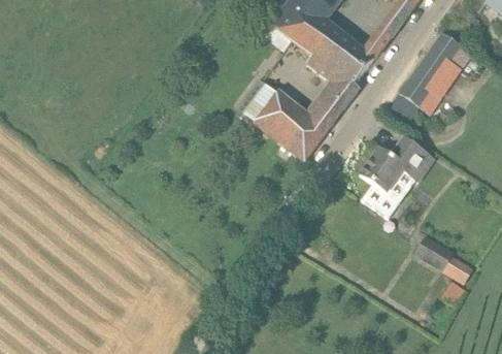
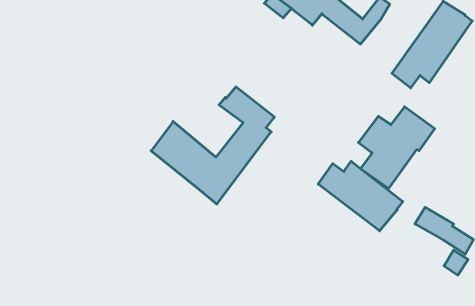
building: [239,43,361,159] -> [151,87,274,204]
building: none -> [318,161,403,231]

